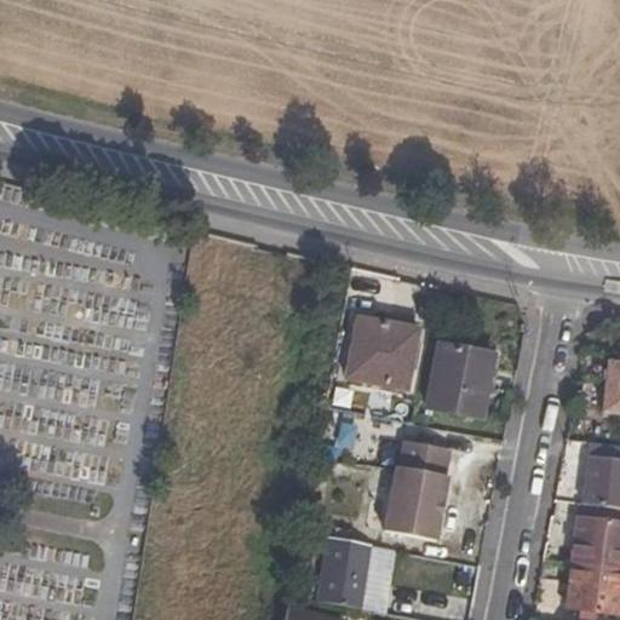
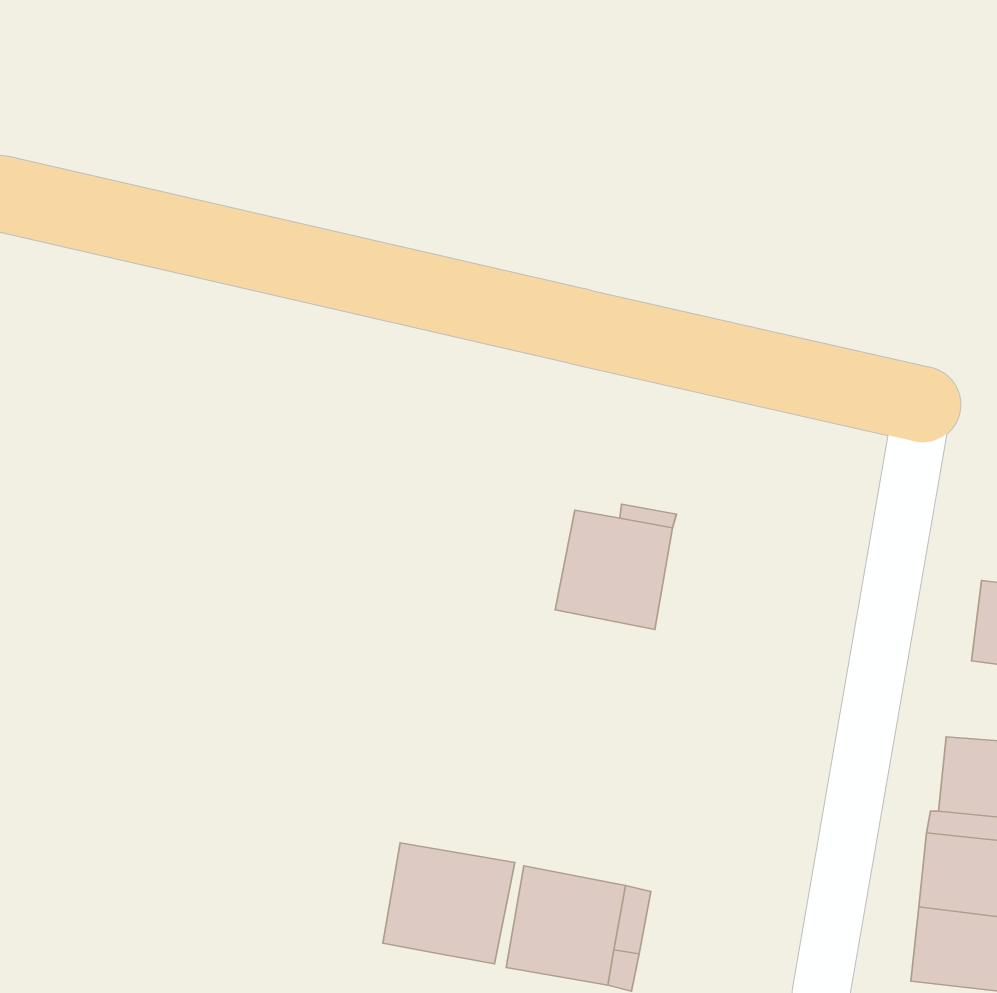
building: [426,343,493,418] -> none
building: [388,441,448,540] -> none
building: none -> [383,843,515,964]

